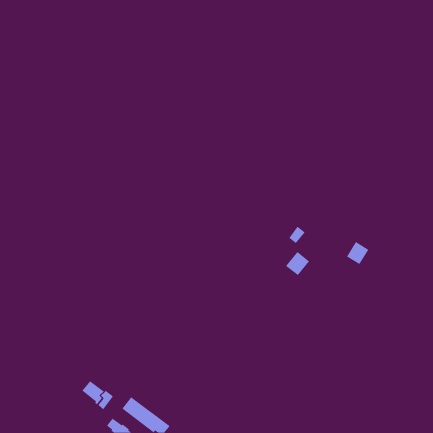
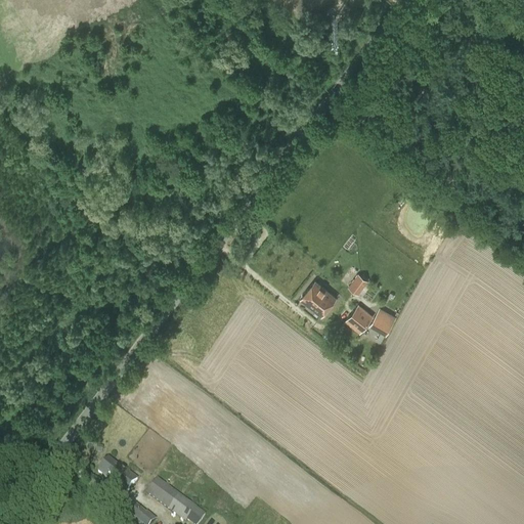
building: none -> [301,280,337,315]
building: [346,241,369,265] -> [369,306,397,335]

